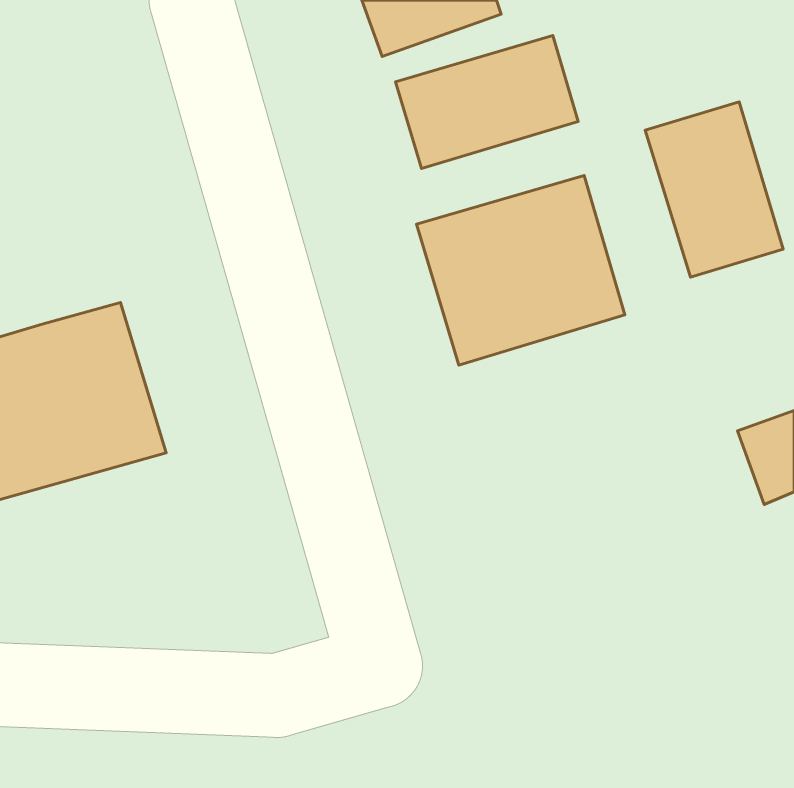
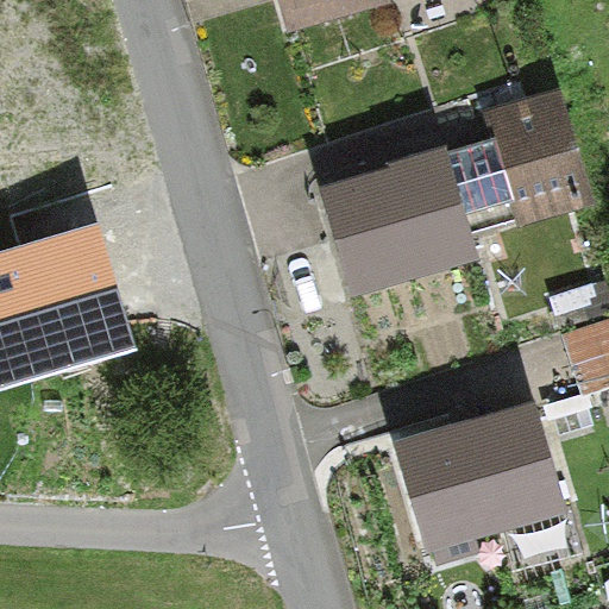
building: [396,36,578,169] -> none
building: none -> [400,397,563,559]

